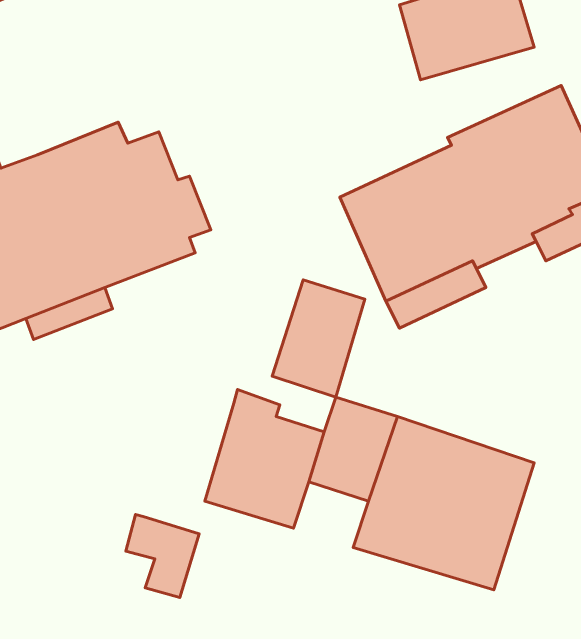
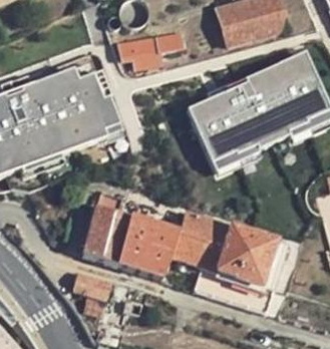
building: none -> [122,28,186,66]
building: [272,280,365,397] -> [85,204,133,265]

